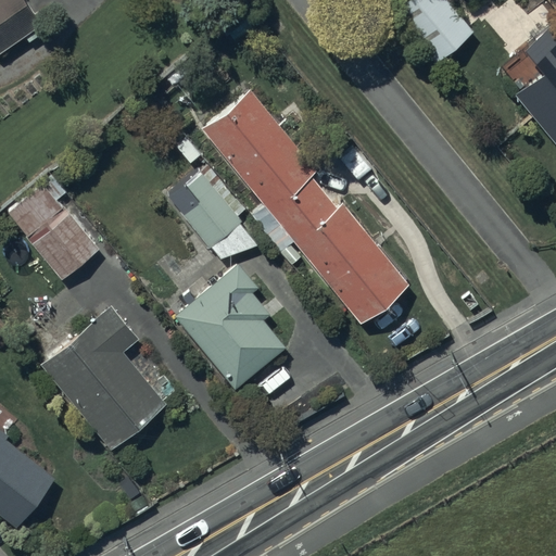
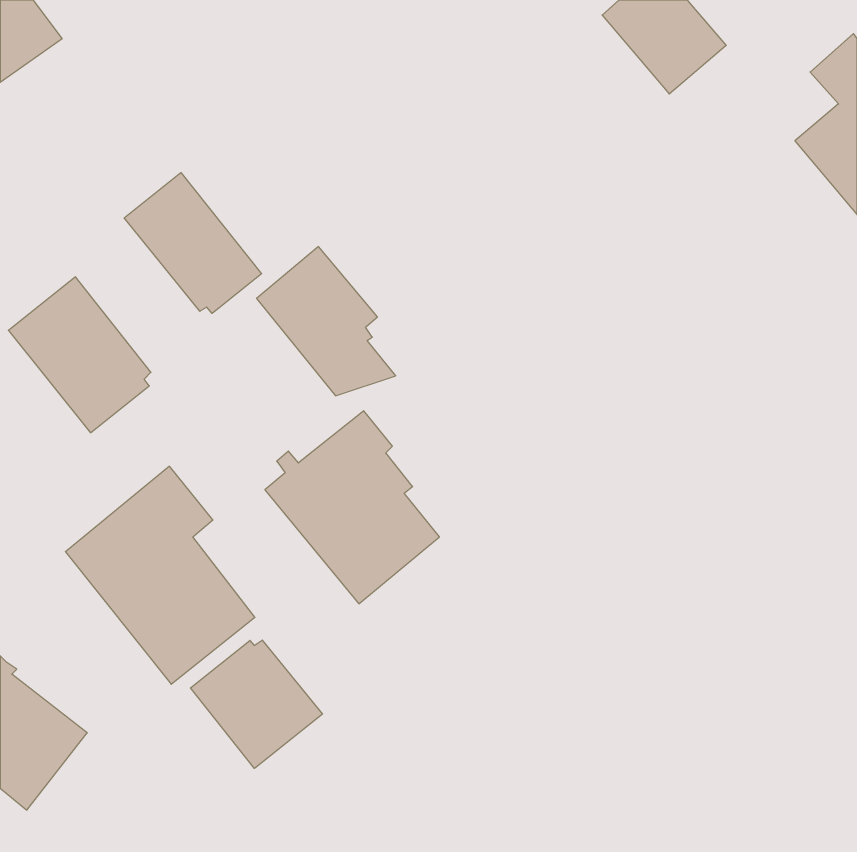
building: [203,89,410,325] -> none
building: none -> [124,173,262,313]
building: none -> [190,640,322,768]

